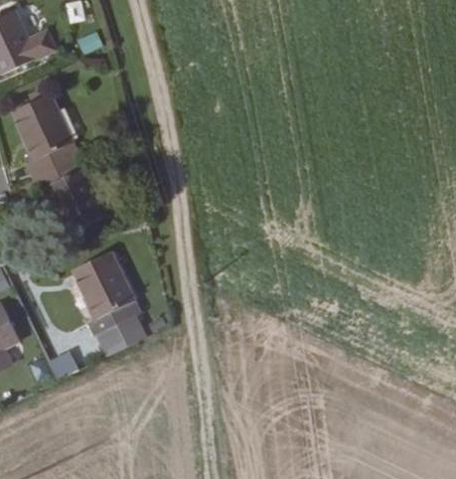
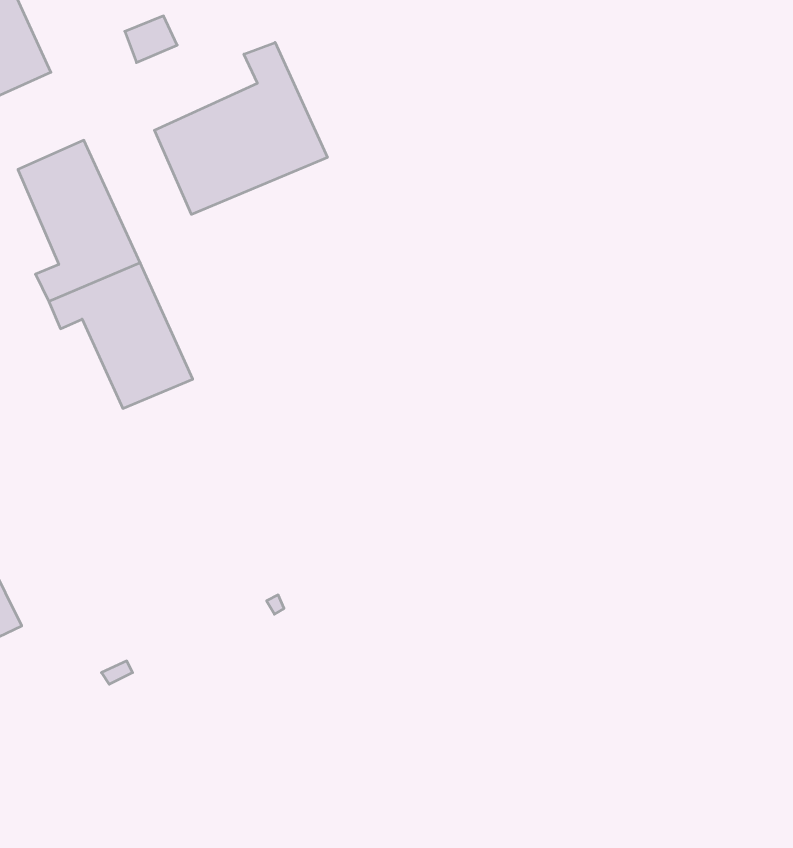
building: none -> [154,42,327,214]
building: [72,250,146,357] -> none

